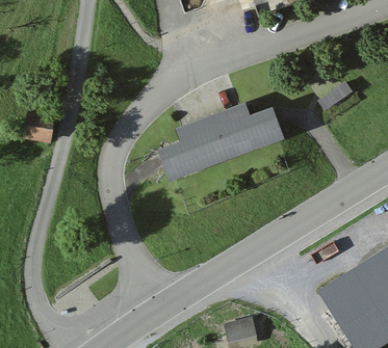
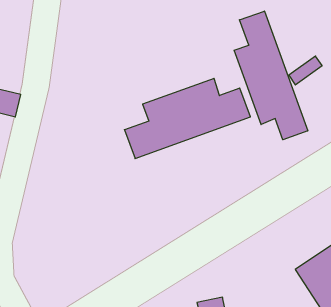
building: none -> [234,11,308,140]

